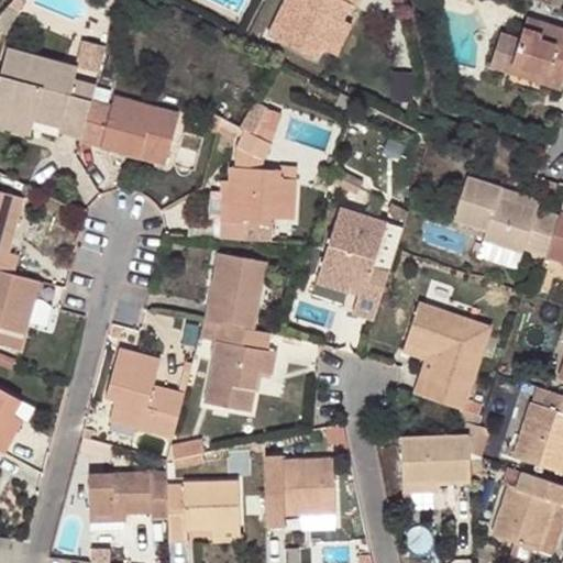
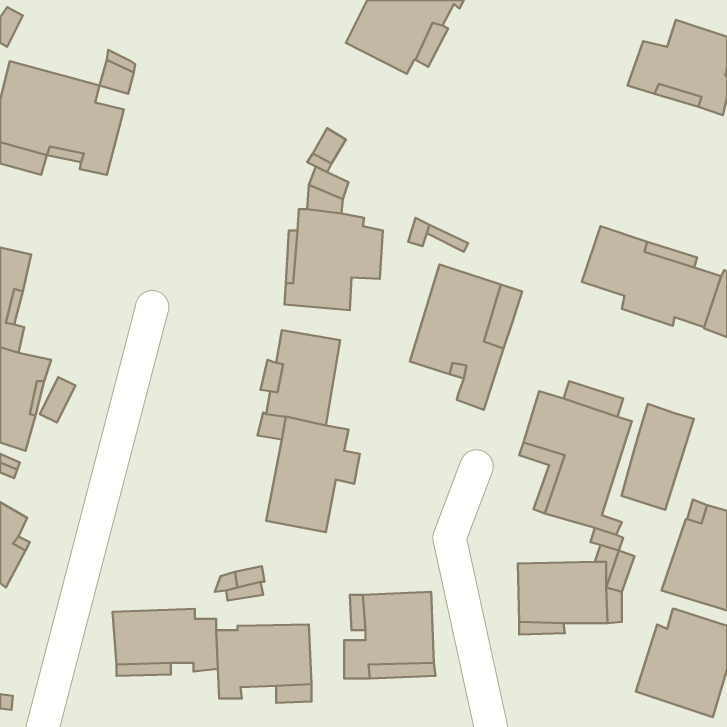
building: [81,96,179,163] -> none
building: none -> [621,404,694,510]
building: [106,347,184,438] -> none

